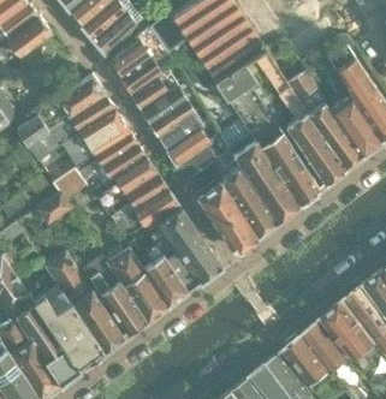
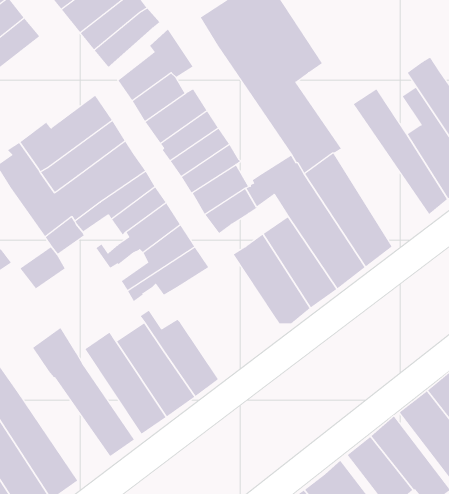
building: [254,52,345,185] -> none
building: [156,209,219,292] -> none
building: [32,286,102,369] -> none

